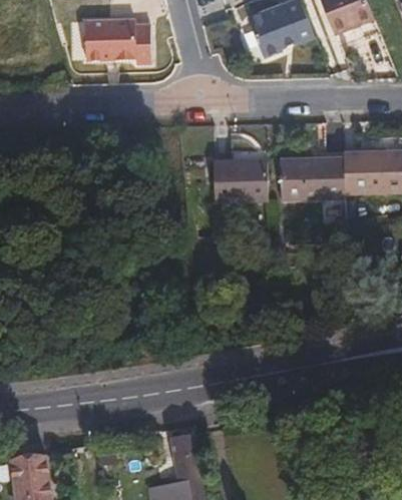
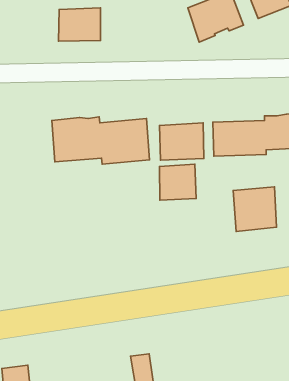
building: none -> [52,117,149,164]
building: none -> [160,164,196,200]
building: none -> [233,187,277,232]

